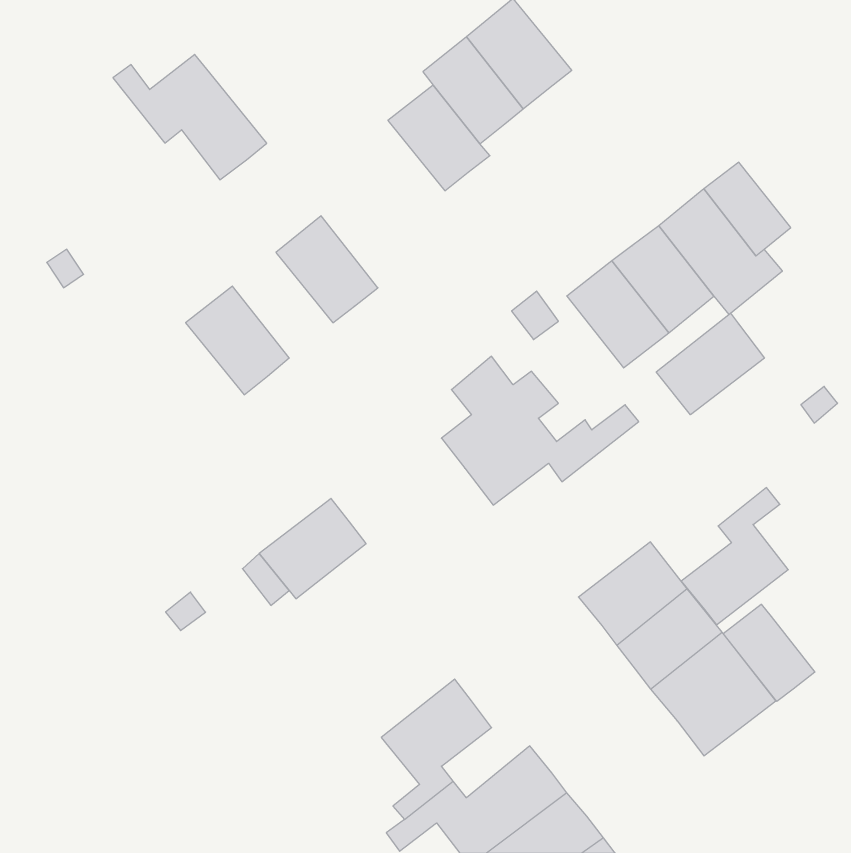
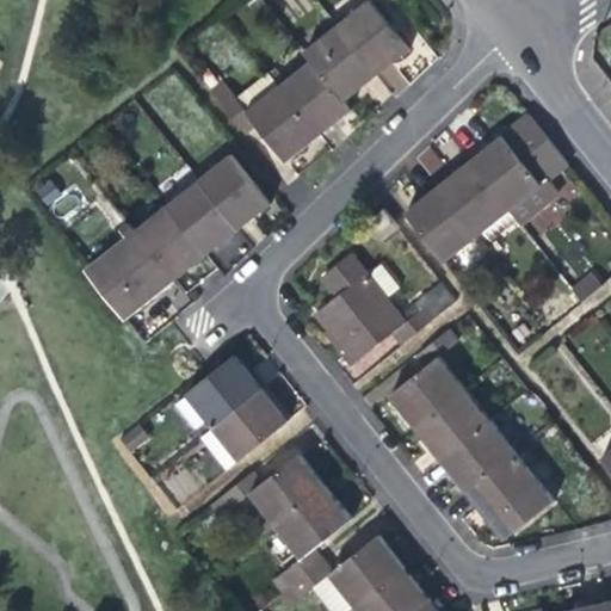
building: [113,54,267,180] -> [208,73,317,162]
building: none -> [166,180,237,255]
building: [656,313,764,415] -> none
building: none -> [85,230,174,319]
building: [681,488,788,625] -> [388,328,464,426]
building: none -> [200,388,288,470]
building: [723,604,815,701] -> none
building: none -> [208,453,325,526]

